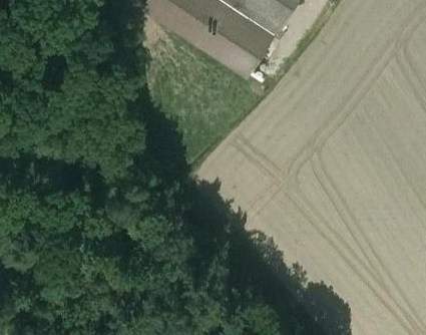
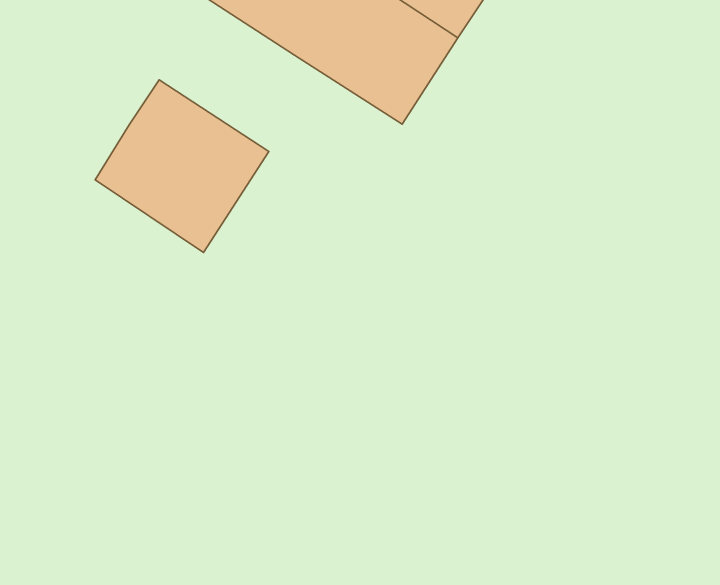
building: none -> [95,80,269,252]

